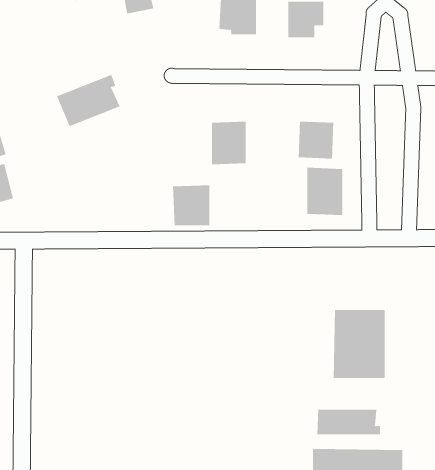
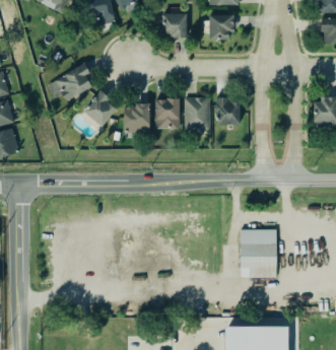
building: none -> [84,92,119,127]
building: [306,167,343,216] -> [185,97,210,131]
building: [172,185,210,226] -> [124,104,150,133]
building: [317,409,381,435] -> none

